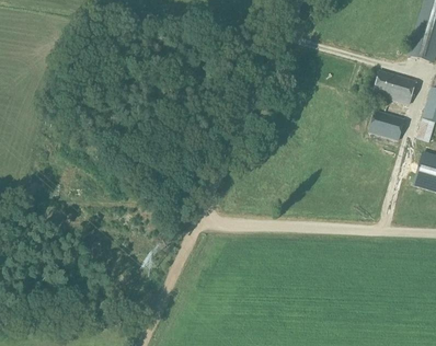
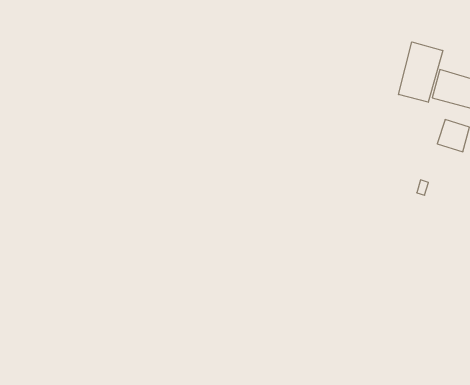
building: none -> [399,42,443,102]

